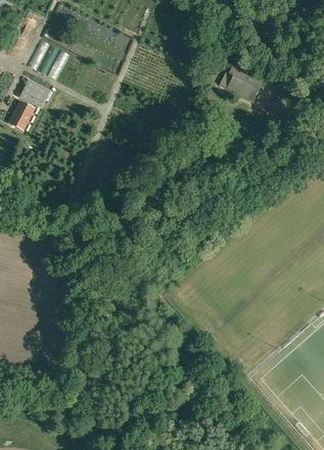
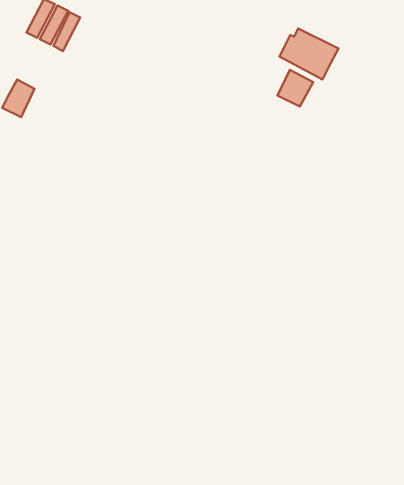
building: [19,80,50,109] -> none
building: none -> [278,70,313,106]

